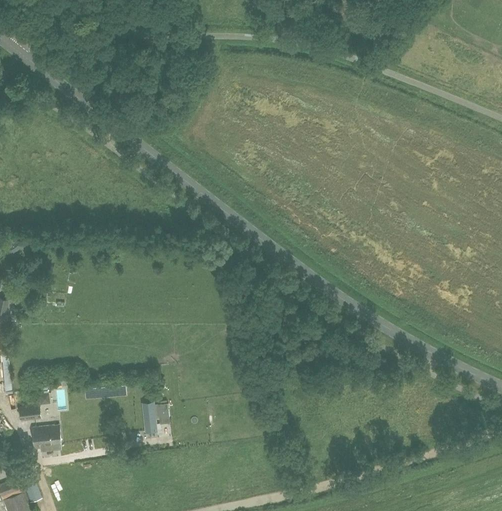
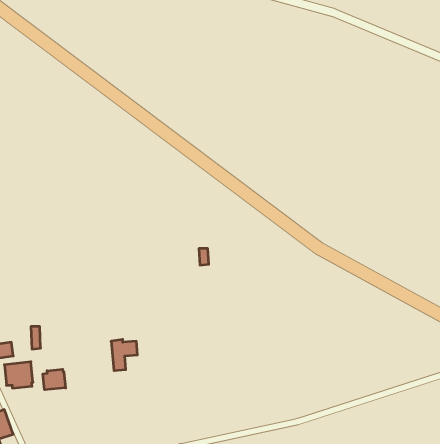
building: none -> [43,369,66,390]

